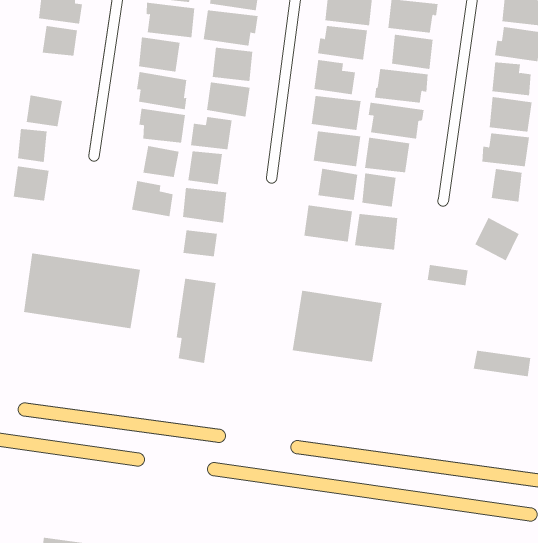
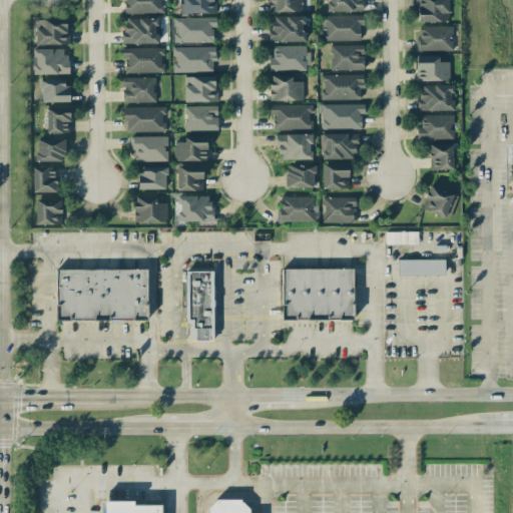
building: none -> [48,107,71,133]
building: [183,230,218,257] -> none
building: [473,350,531,377] -> [400,259,447,275]

